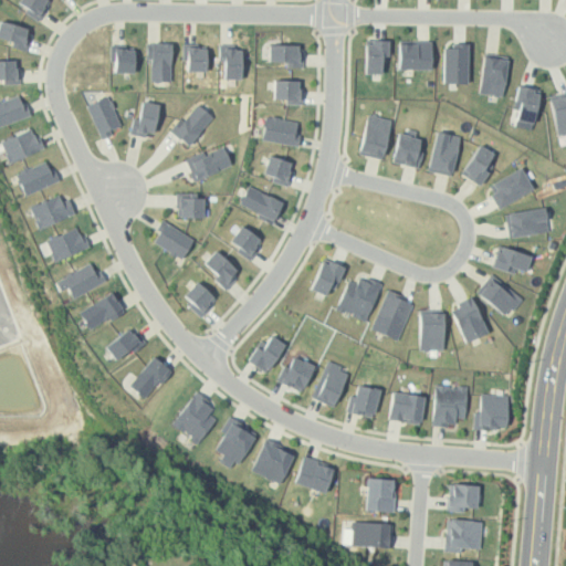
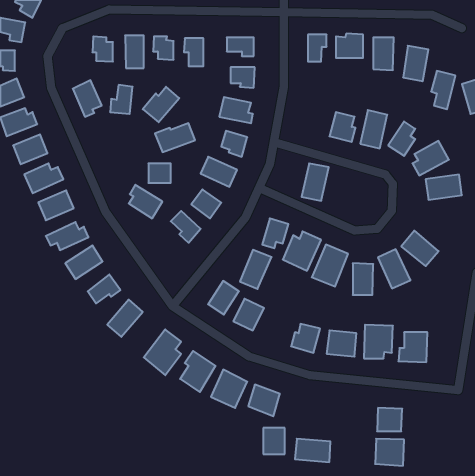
building: [360,115,392,159] -> [302,163,329,201]
building: [493,247,532,274] -> none
building: [182,282,218,316] -> none
building: [313,360,350,407] -> [240,250,272,289]
building: [367,480,392,511] -> [263,428,285,454]

